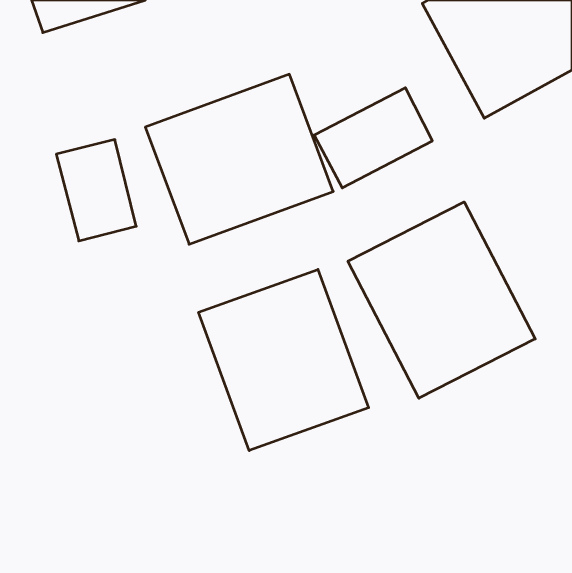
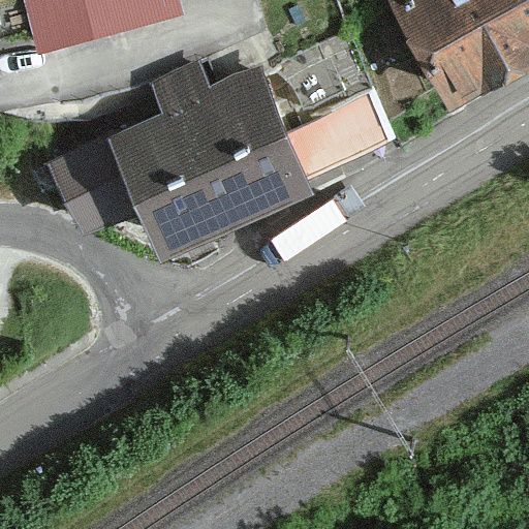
building: [348,202,535,398] -> none
building: [199,269,369,451] -> none

